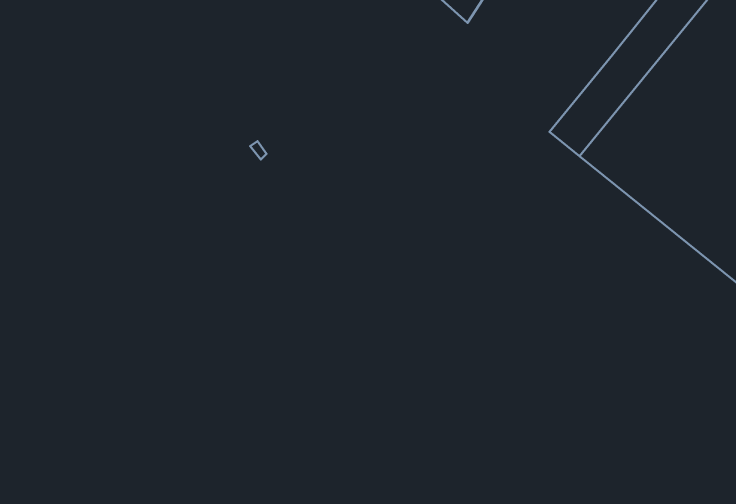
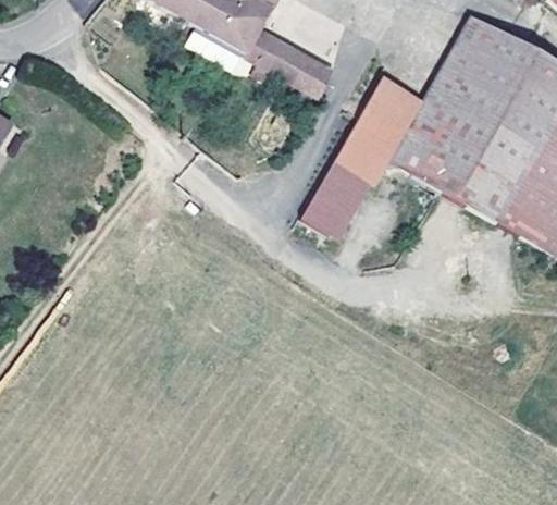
building: none -> [301,76,422,242]

